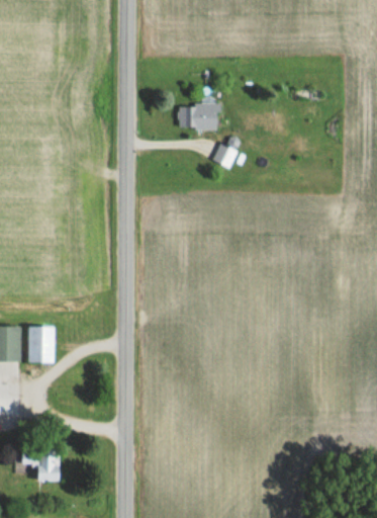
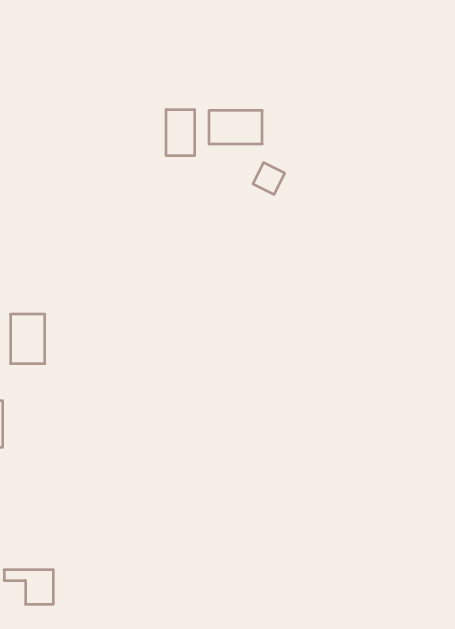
building: none -> [166,109,194,156]
building: [28,326,55,363] -> [10,314,45,364]

